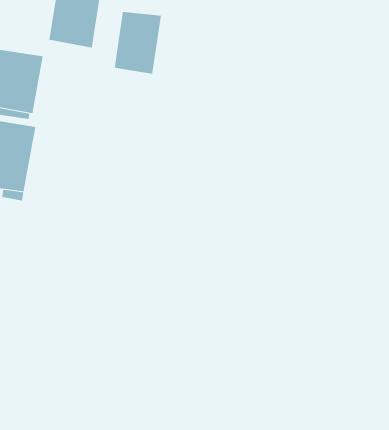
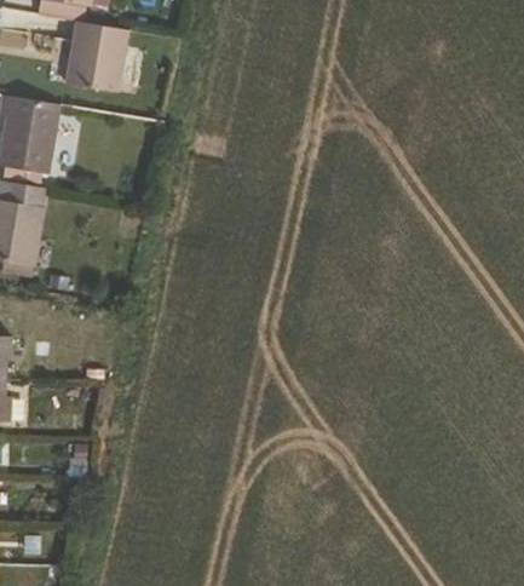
building: [114,11,162,75] -> none

